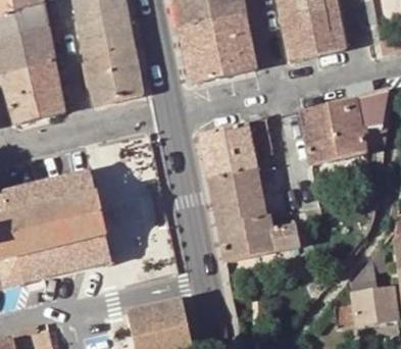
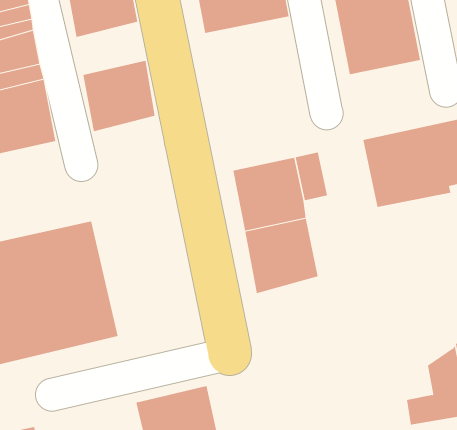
building: [179,15,255,83] -> none
building: [80,19,134,60] -> none
building: [218,214,300,261] -> none

